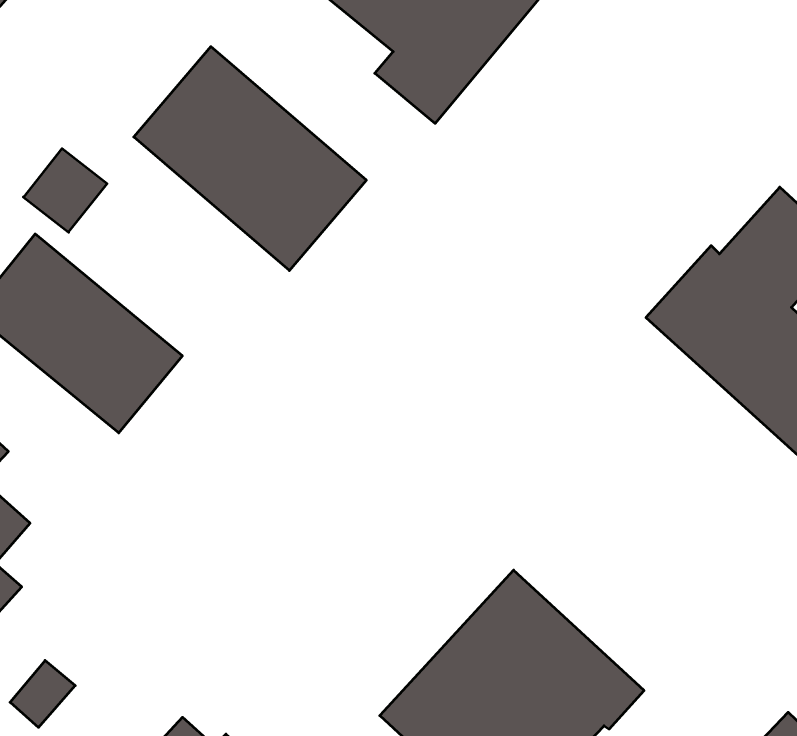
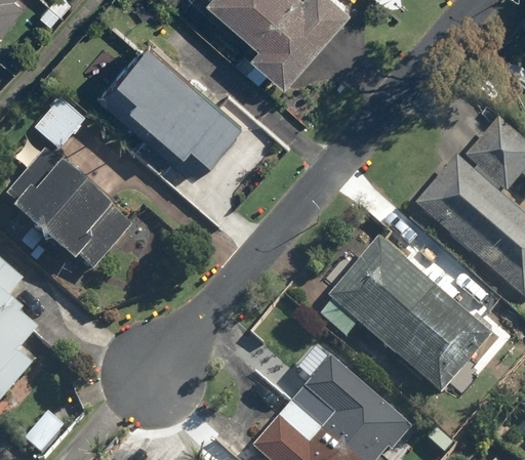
building: none -> [315,238,493,394]

